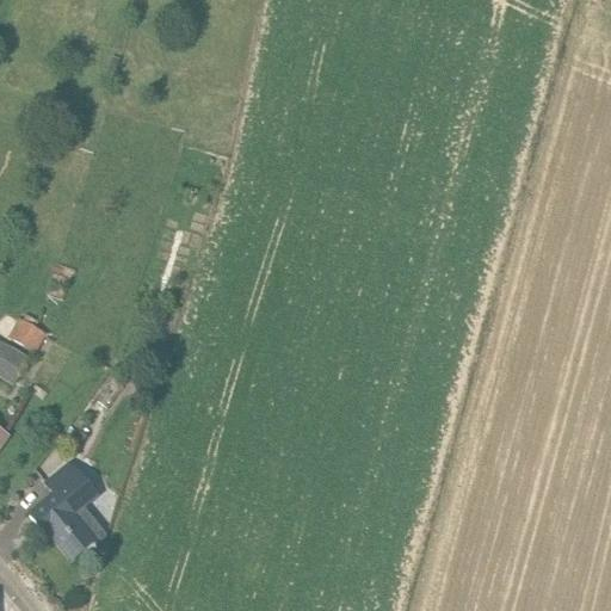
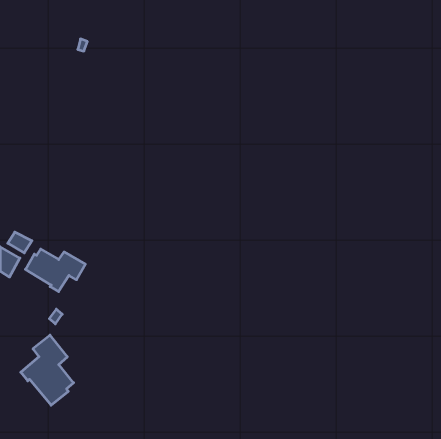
building: none -> [25,249,85,292]

